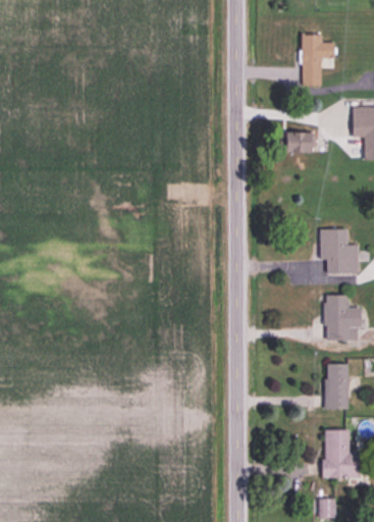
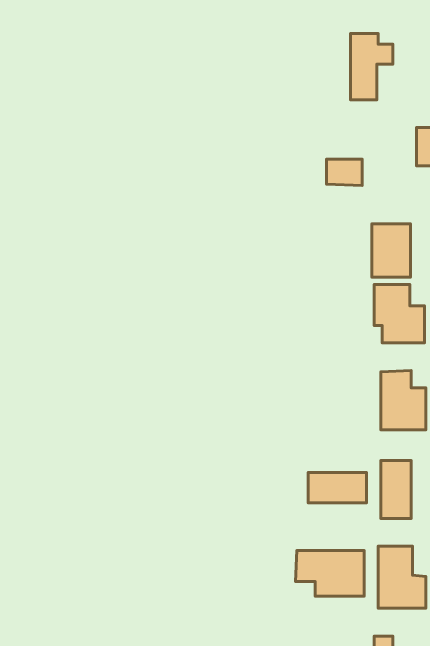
building: none -> [372,224,410,277]
building: none -> [308,472,366,503]
building: none -> [295,551,364,596]

